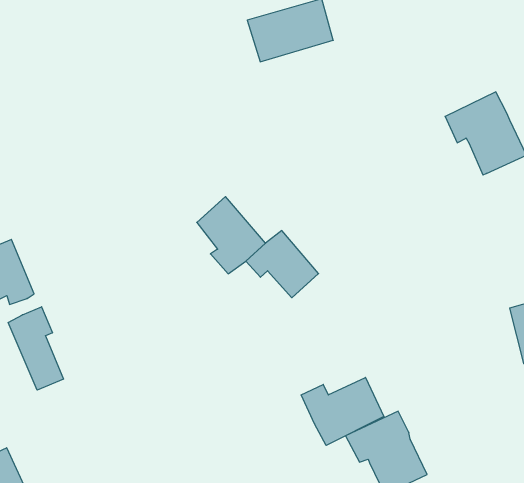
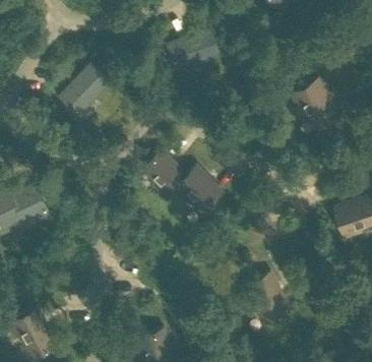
building: none -> [60,61,111,112]
building: [8,307,63,390] -> none
building: [301,377,384,445] -> none

